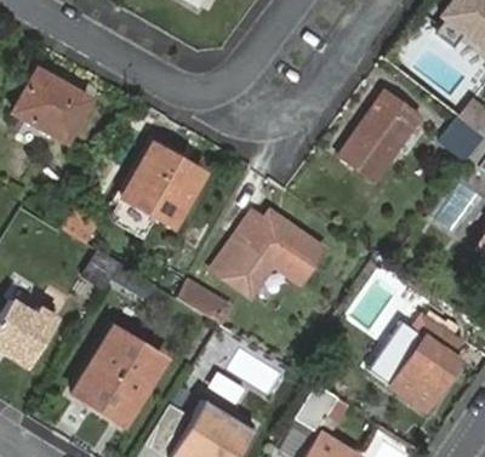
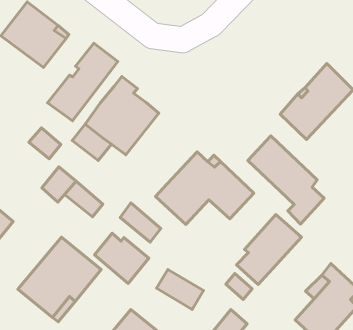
building: none -> [48,43,118,121]
building: none -> [248,136,324,224]
building: none -> [236,215,302,284]
building: none -> [95,233,149,283]

